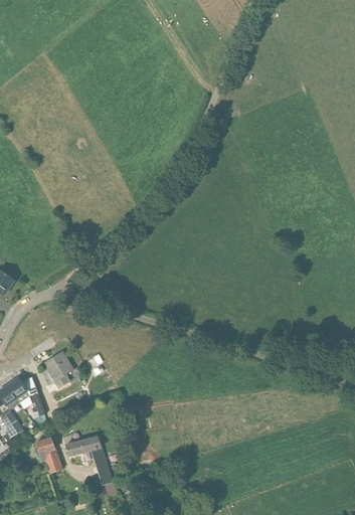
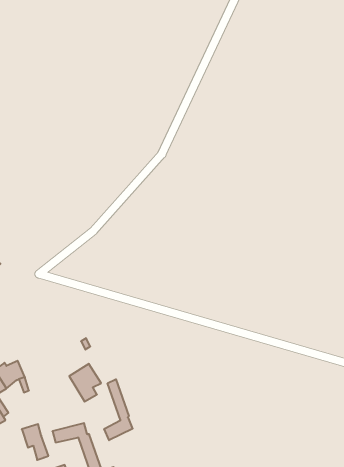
building: [43,350,74,387] -> [69,364,101,402]
building: none -> [104,379,133,440]

